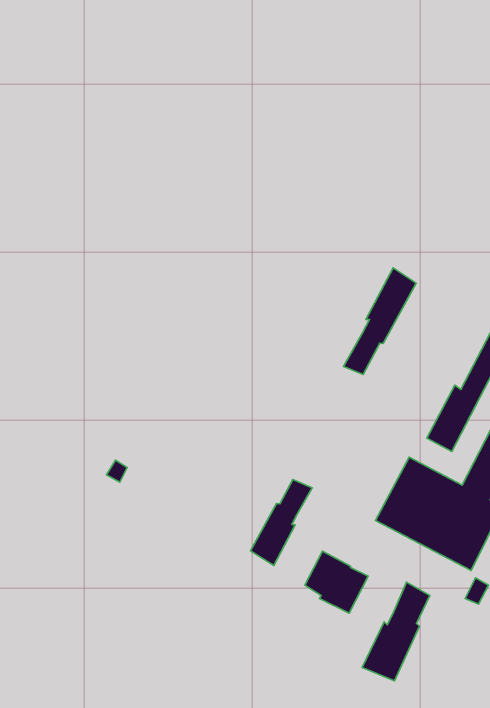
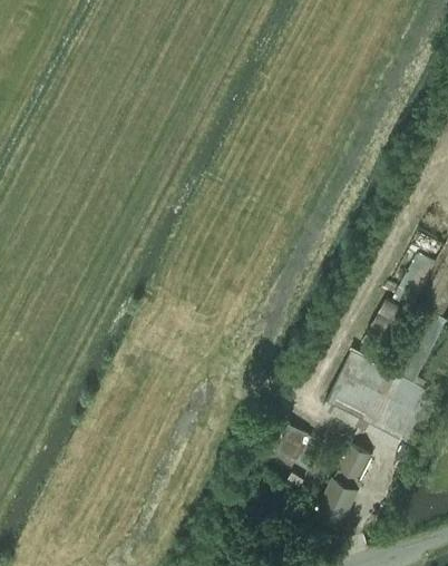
building: [343,268,416,375] -> none
building: [251,479,312,565] -> none

